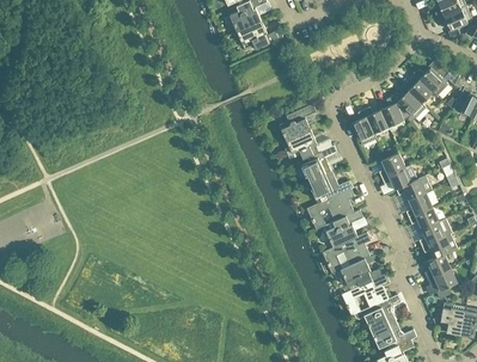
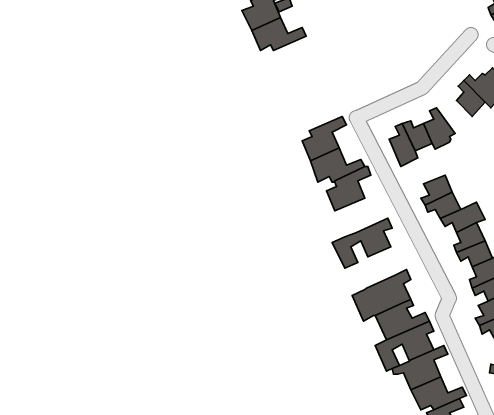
building: [392,91,427,123] -> none
building: [307,172,354,204] -> none
building: [324,210,363,247] -> none

